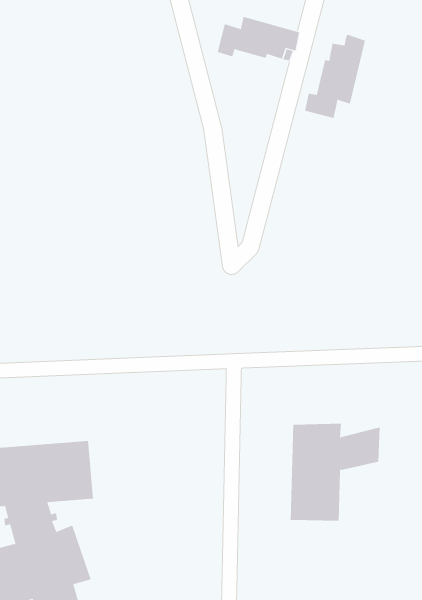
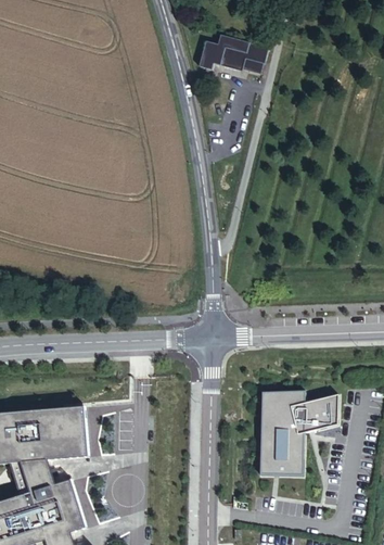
building: [304,34,366,119] -> none

